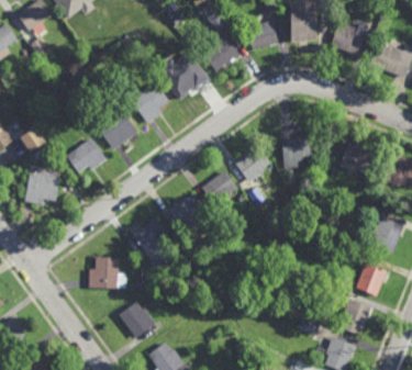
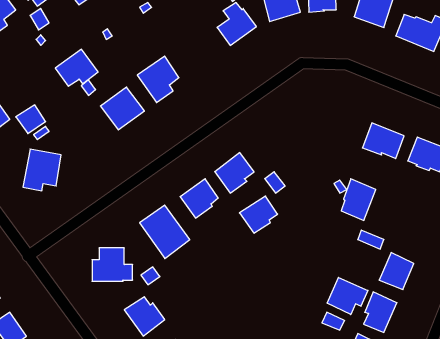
building: [166,54,205,92] -> none
building: [281,134,311,168] -> none
building: [66,138,105,172] -> [55,49,98,86]
building: [235,147,270,181] -> [239,196,278,233]
building: [370,215,402,254] -> [341,179,376,220]
building: none -> [327,277,368,315]

